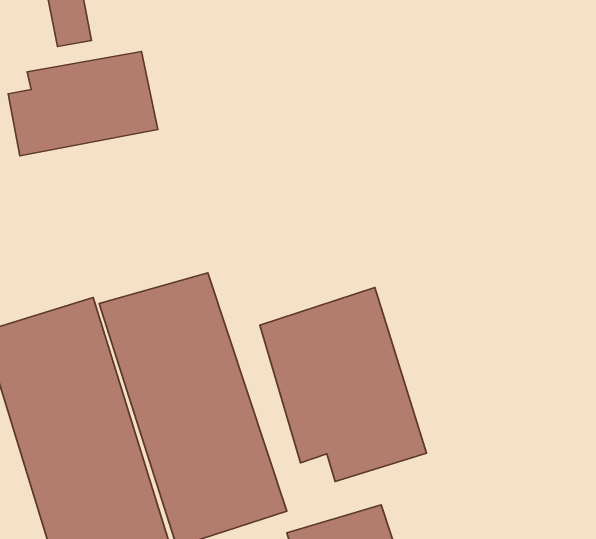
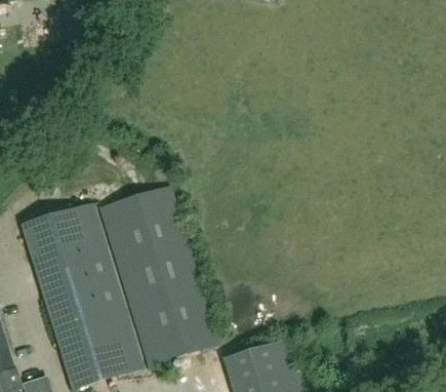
building: [8,51,158,156] -> none
building: [260,288,427,482] -> none

